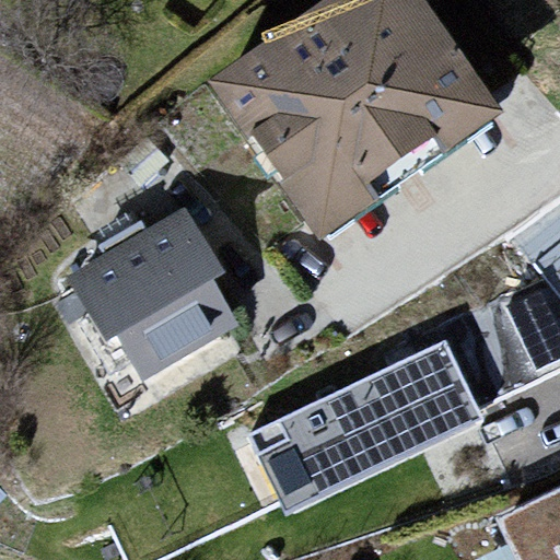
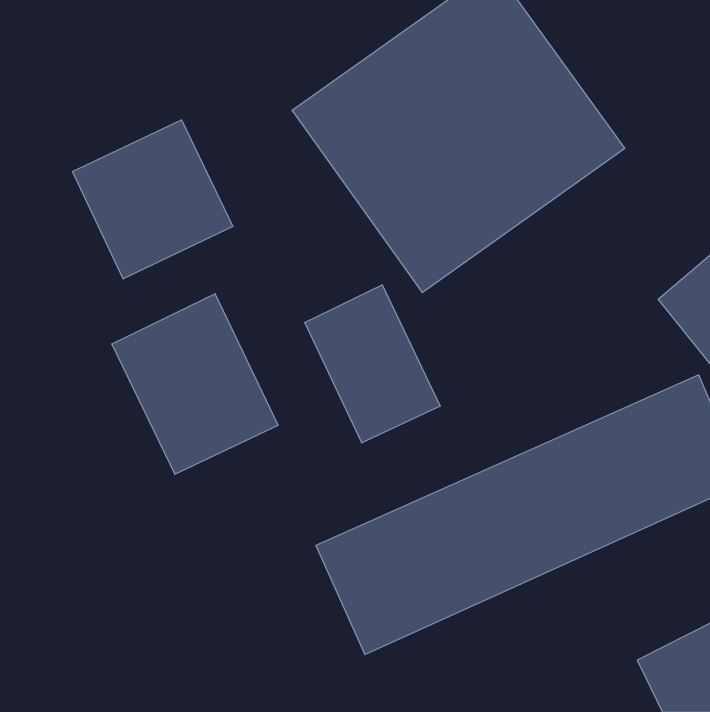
building: none -> [73,120,233,279]
building: none -> [305,285,440,443]

